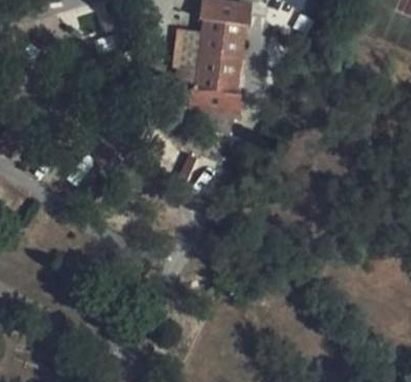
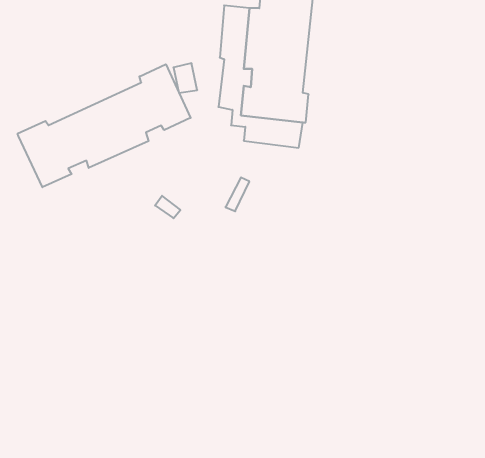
building: none -> [18,64,191,187]

